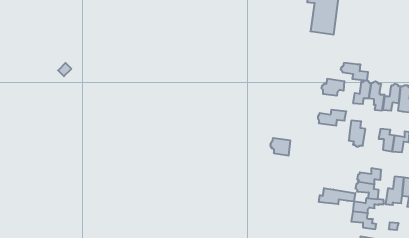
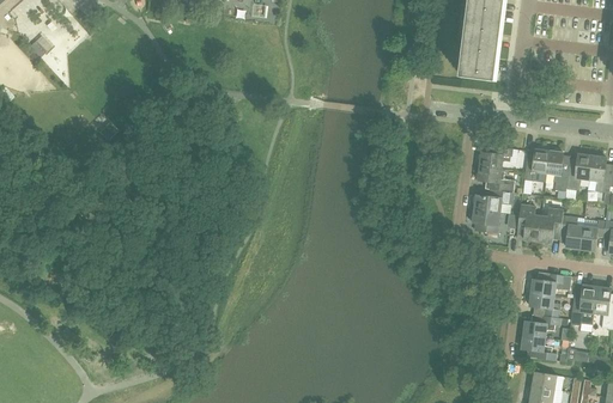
building: [341,63,368,81] -> [474,166,514,191]
building: none -> [536,208,562,244]
building: [270,138,290,156] -> [469,208,498,233]
building: [319,188,355,204] -> none

